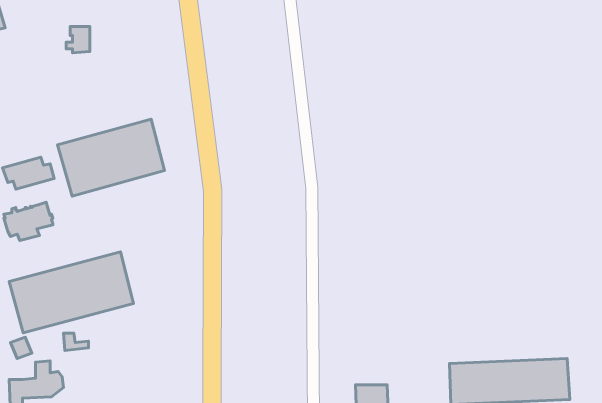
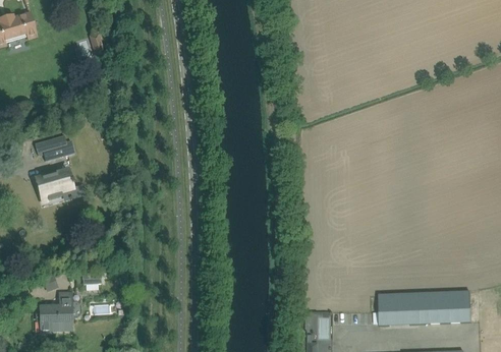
building: [58,119,165,196] -> none
building: [9,252,133,333] -> none

